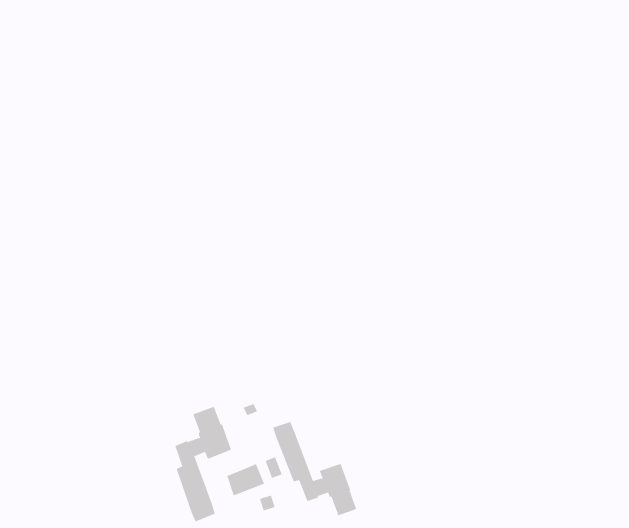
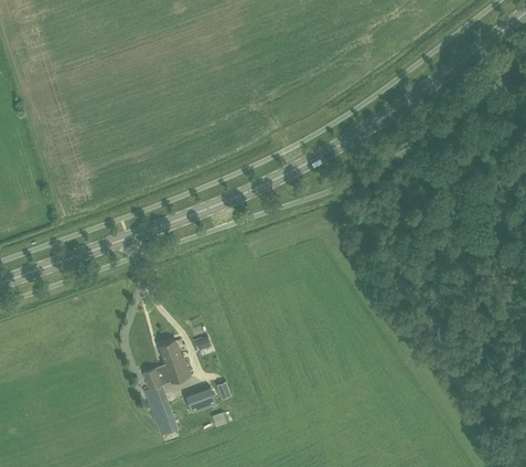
building: [272,421,357,516] -> none

